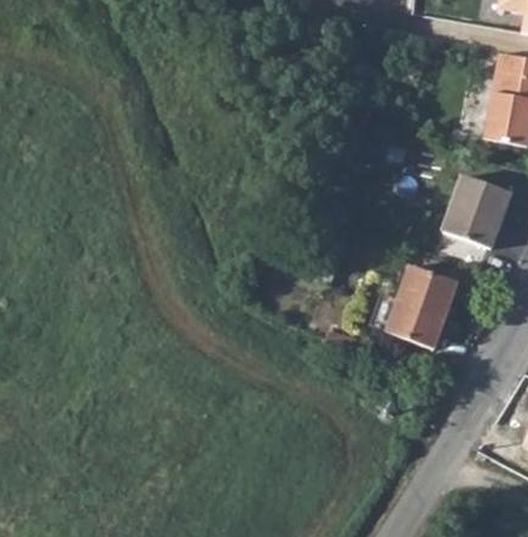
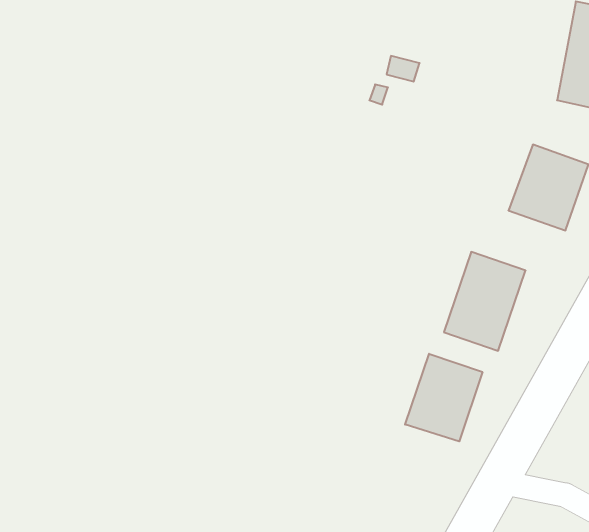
building: none -> [405,354,482,441]

